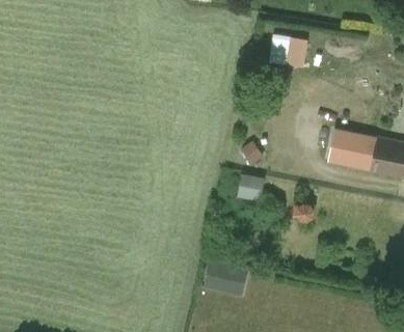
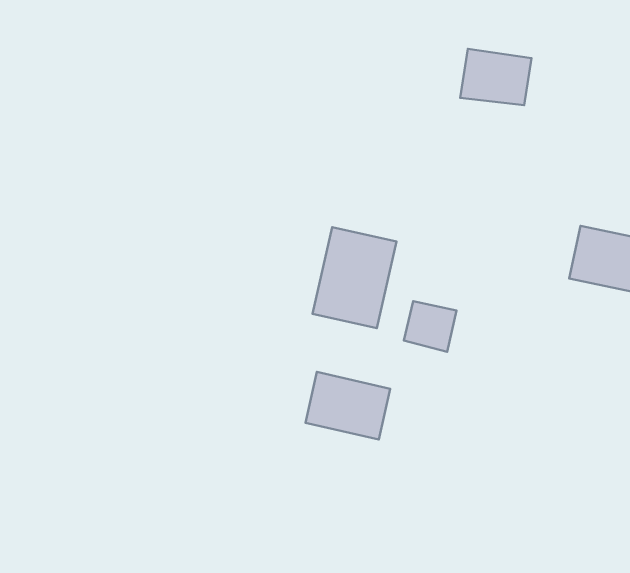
building: none -> [312,227,397,328]
building: [204,258,250,296] -> [305,372,390,440]

